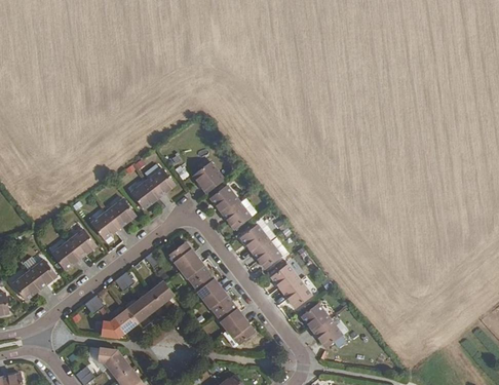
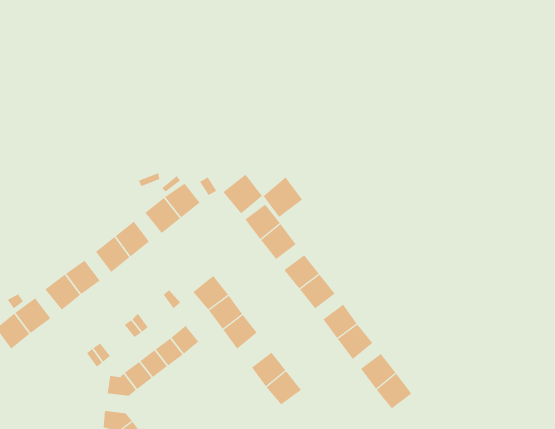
building: none -> [263,177,303,218]
building: [203,286,231,314] -> none

